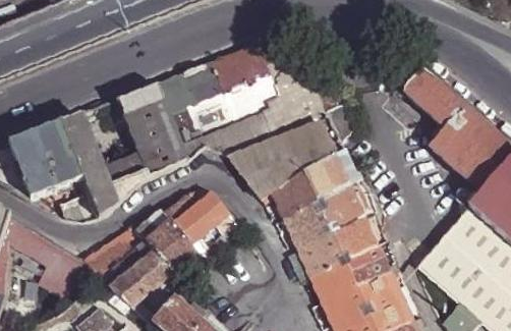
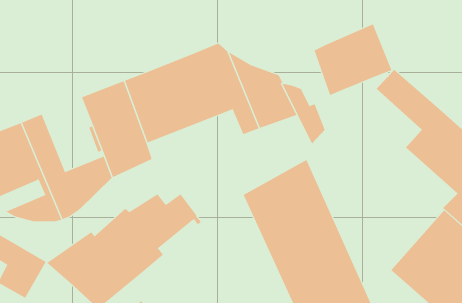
building: none -> [314,23,392,96]
building: [227,121,335,199] -> none

